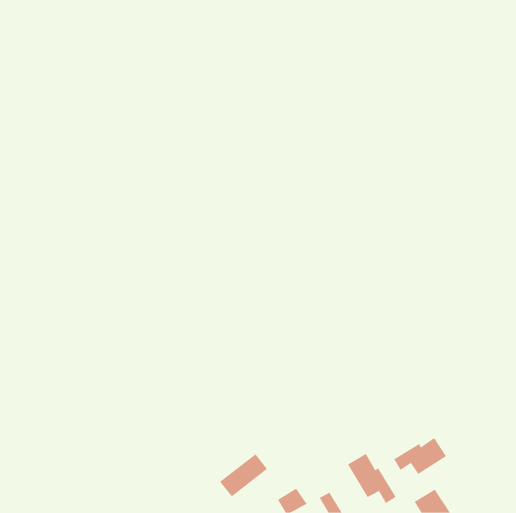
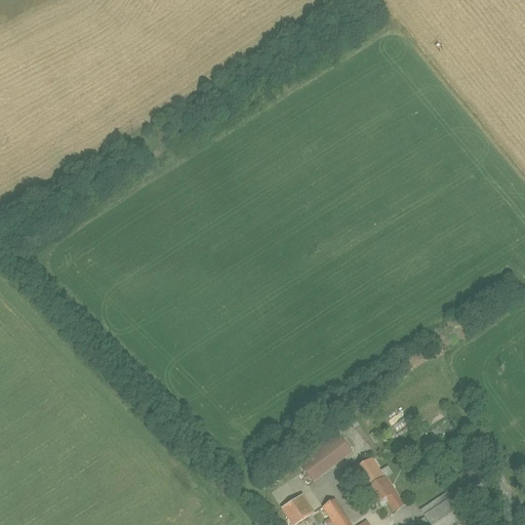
building: [393,437,447,475] -> none
building: [219,454,268,497] -> [301,434,351,478]

